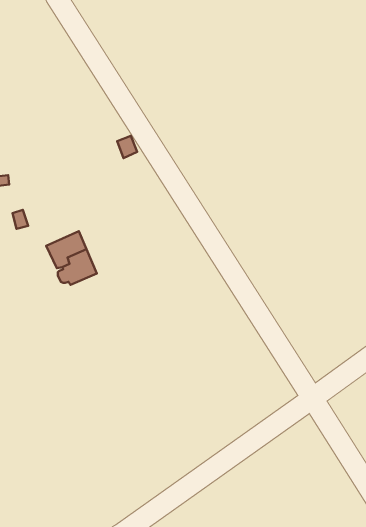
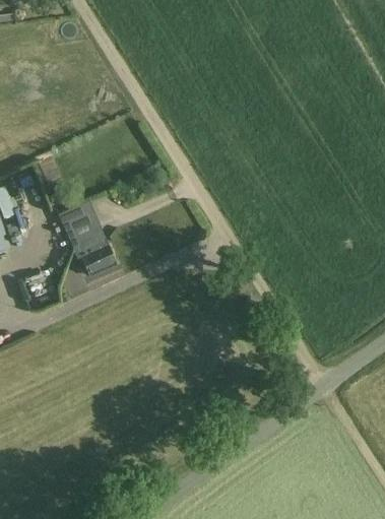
building: none -> [58,203,100,240]

